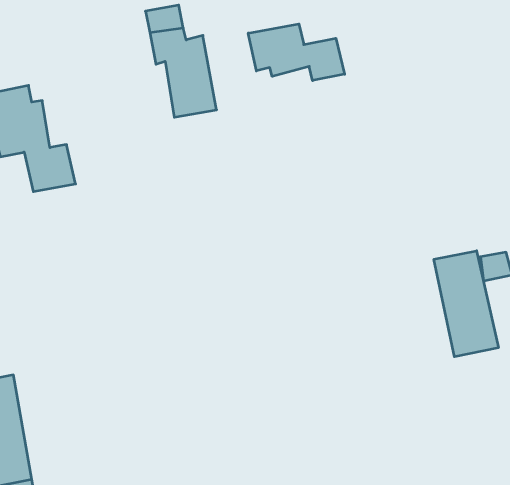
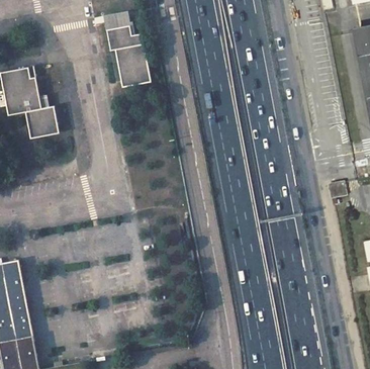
building: [248,24,345,81] -> none
building: [434,251,498,357] -> none

